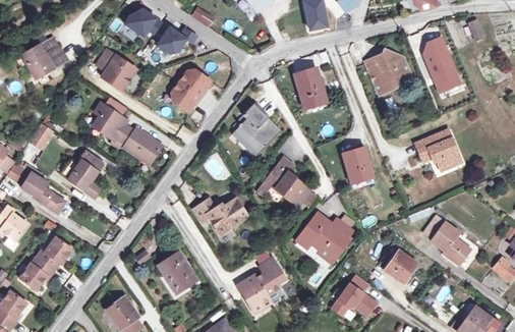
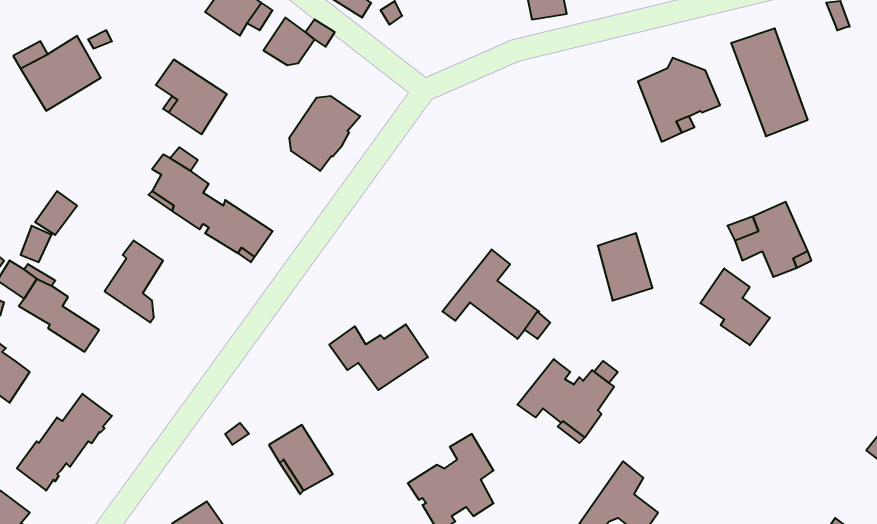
building: [294,68,327,109] -> none
building: [234,104,281,155] -> none
building: [432,222,470,265] -> [700,268,770,345]
building: [379,250,418,283] -> none

